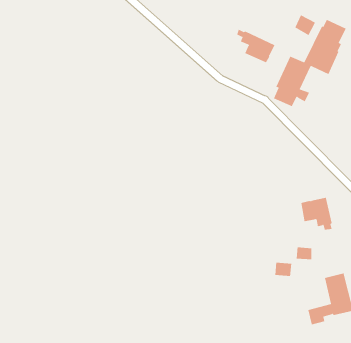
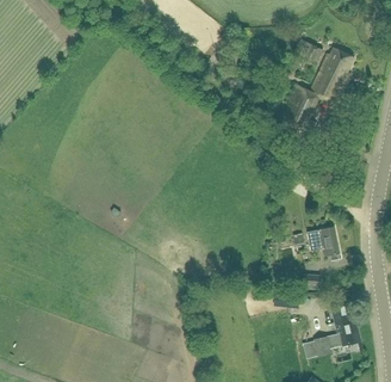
building: [236,29,275,63] -> none

